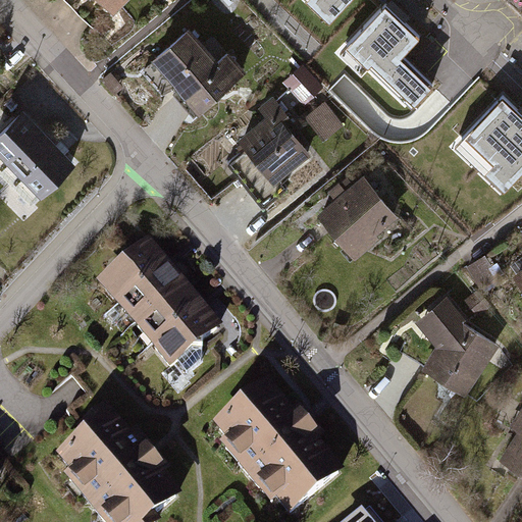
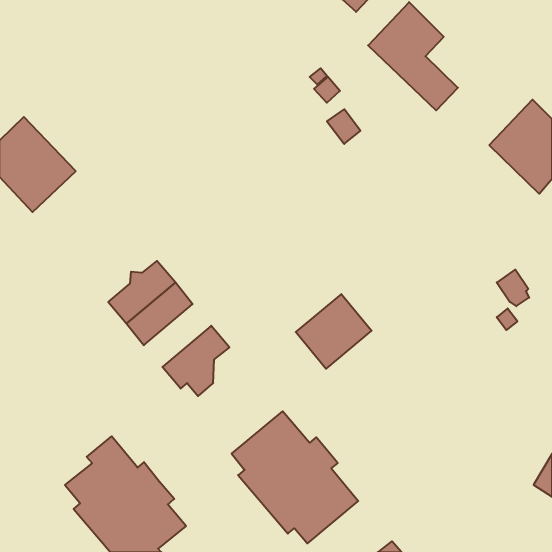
building: [156,29,242,111] -> none
building: [225,98,306,207] -> none
building: [321,177,393,248] -> [296,294,372,369]
building: [136,286,199,346] -> none
building: [425,300,493,390] -> none

